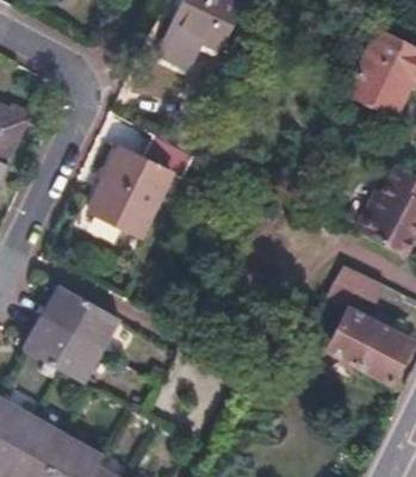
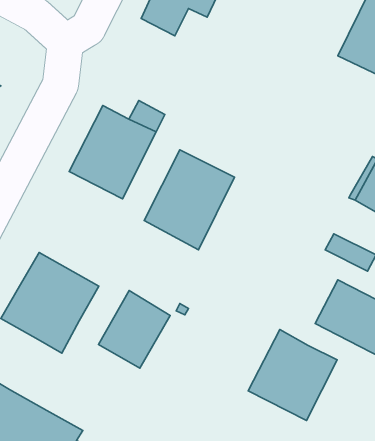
building: none -> [144,150,234,250]
building: none -> [98,290,170,368]
building: none -> [248,330,337,420]

